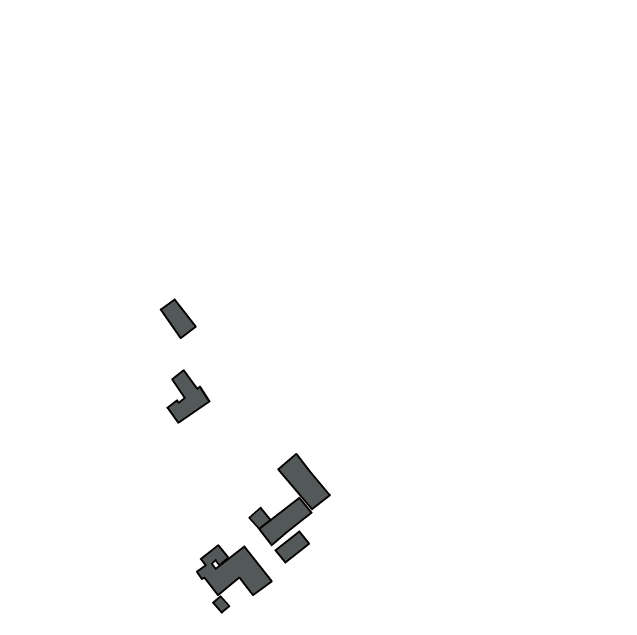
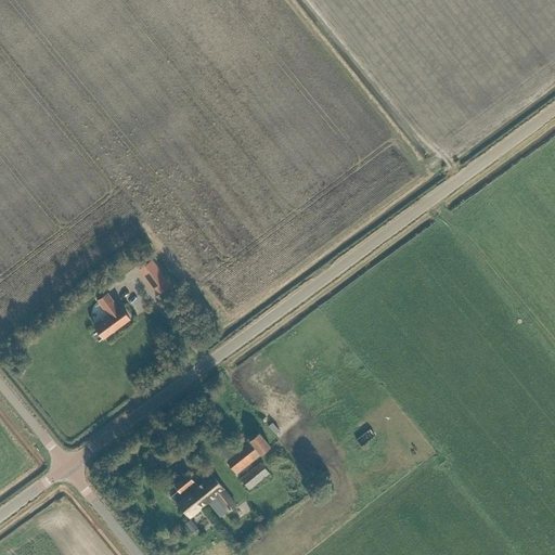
building: [167,370,210,423] -> [93,294,130,339]
building: [278,454,330,509] -> none

